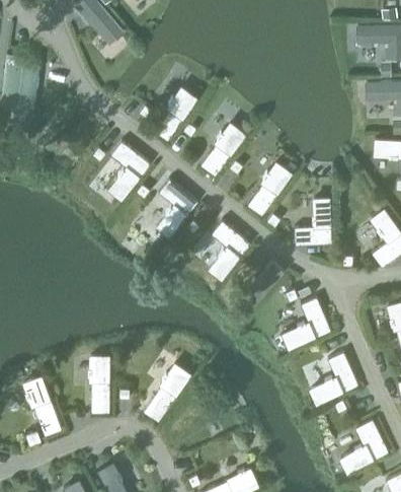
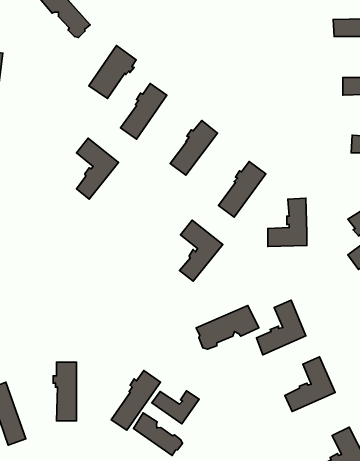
building: none -> [89,46,136,99]
building: [157,179,197,237] -> none
building: none -> [196,305,259,349]
building: none -> [152,391,199,424]
building: none -> [133,413,182,455]

